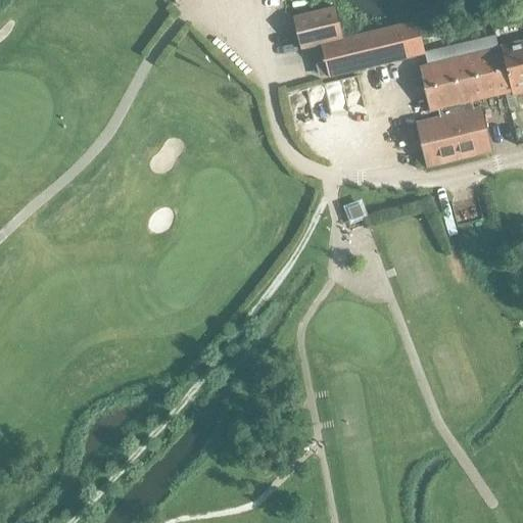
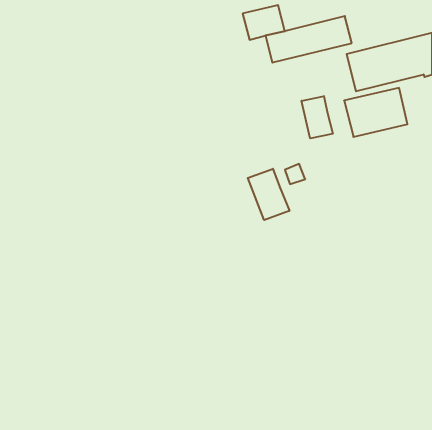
building: none -> [302,96,333,138]
building: none -> [248,169,289,220]

